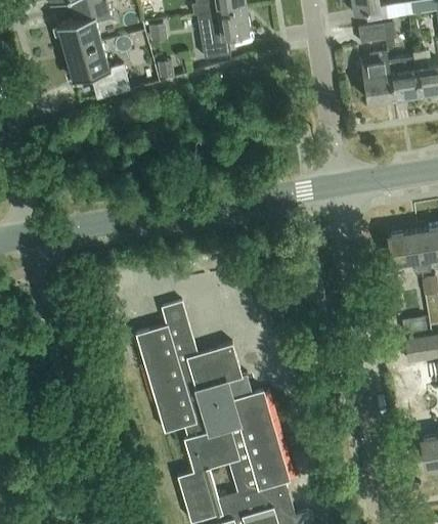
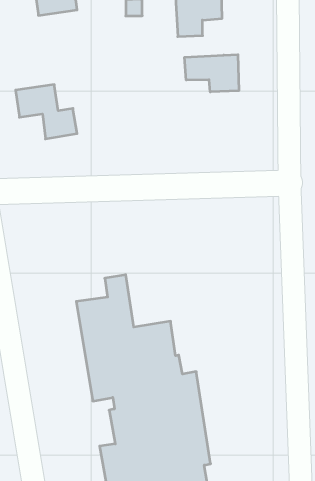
building: [64,44,131,99] -> [16,85,77,139]
building: none -> [185,55,239,92]

